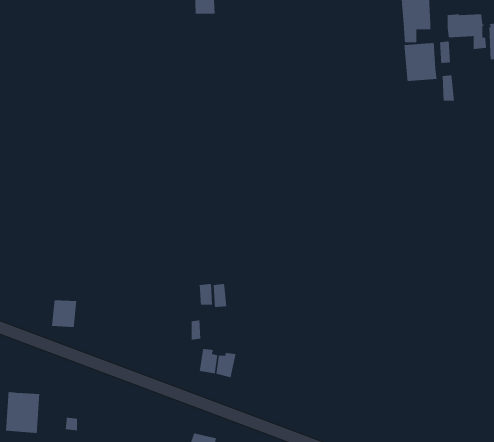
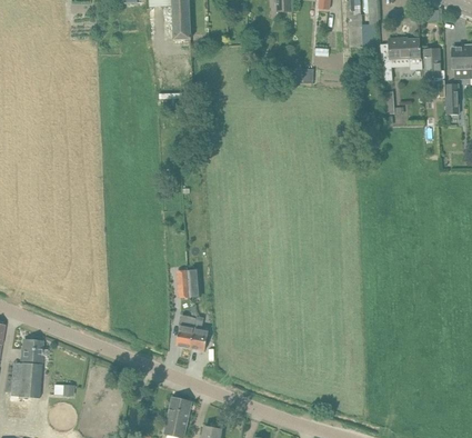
building: [404,42,438,82] -> none
building: [51,299,77,328] -> [21,339,43,364]

